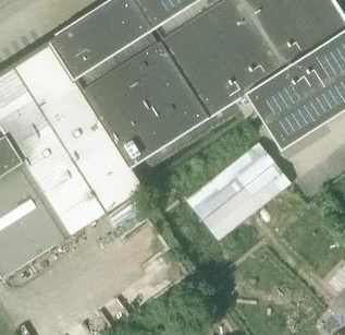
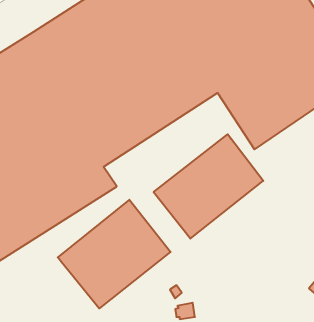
building: none -> [58,200,171,308]

